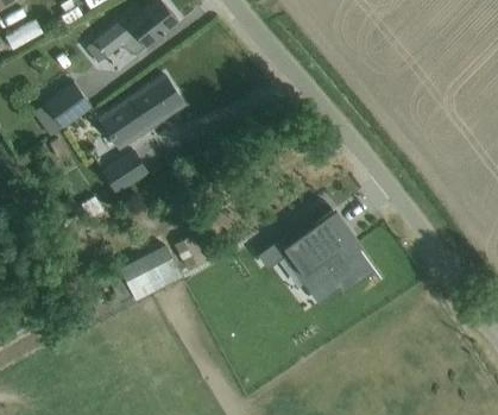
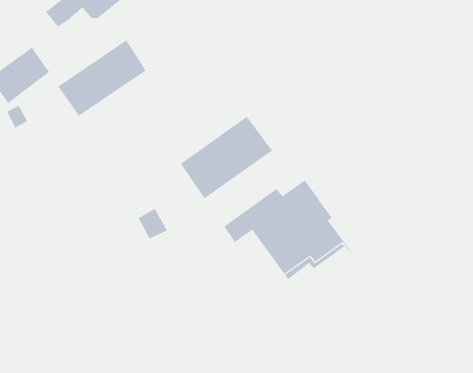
building: none -> [180,116,273,199]
building: [100,150,147,193] -> none
building: [106,244,181,301] -> none

